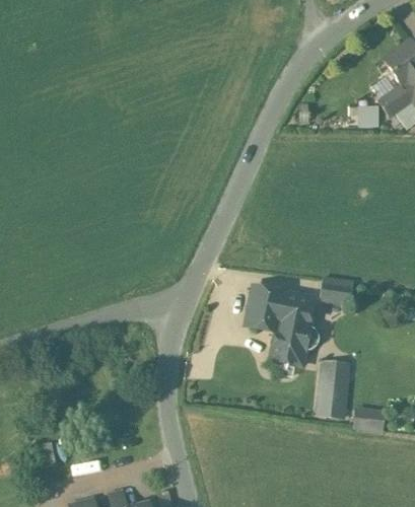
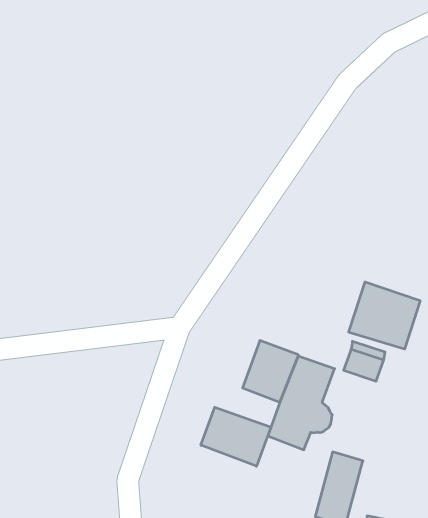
building: none -> [349,282,420,349]
building: none -> [201,407,271,466]

